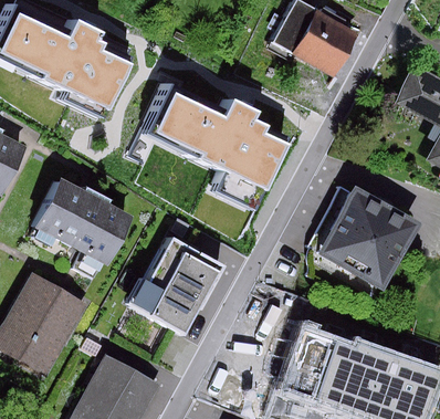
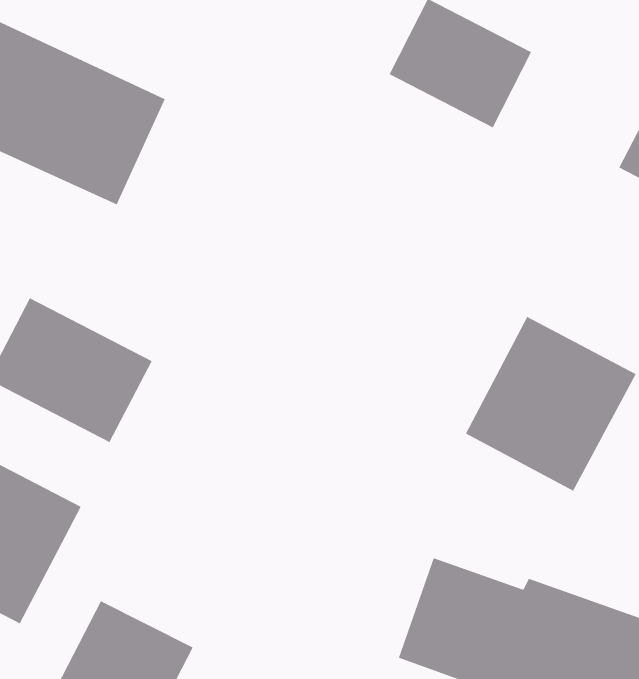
building: [148,85,286,191] -> none
building: [117,231,224,339] -> none

